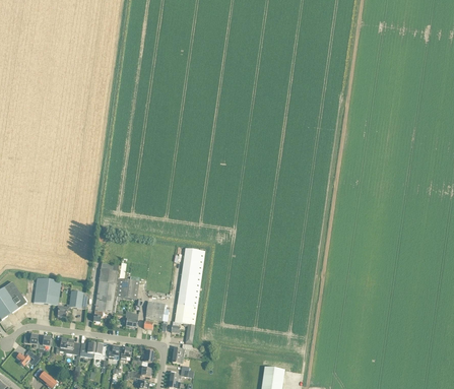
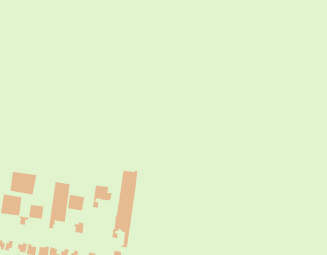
building: none -> [10,171,37,195]
building: [143,301,169,329] -> [92,185,112,208]

